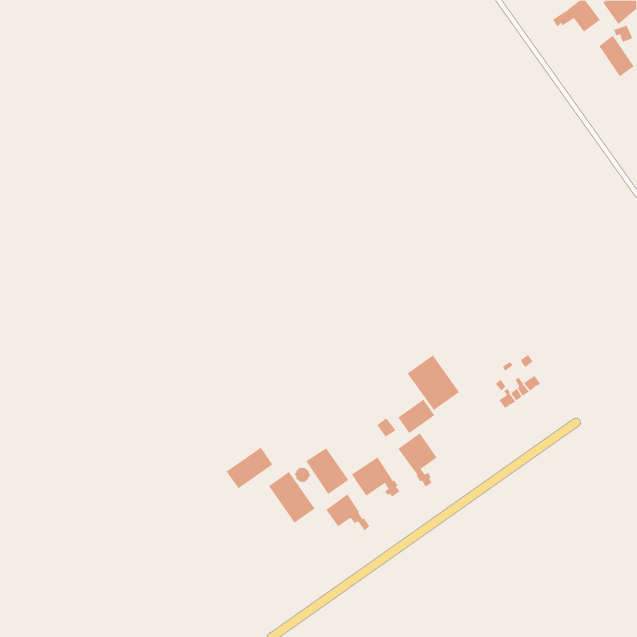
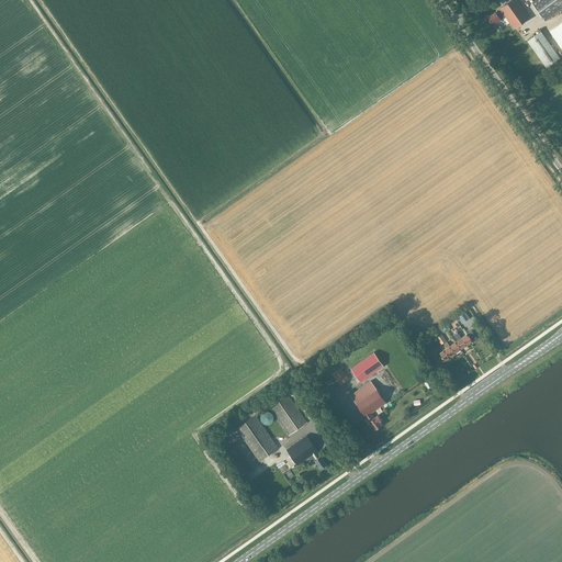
building: [407,355,460,411] -> none
building: [226,447,273,489] -> none
building: [351,457,401,498] -> none

